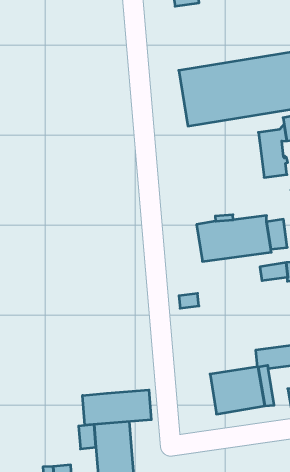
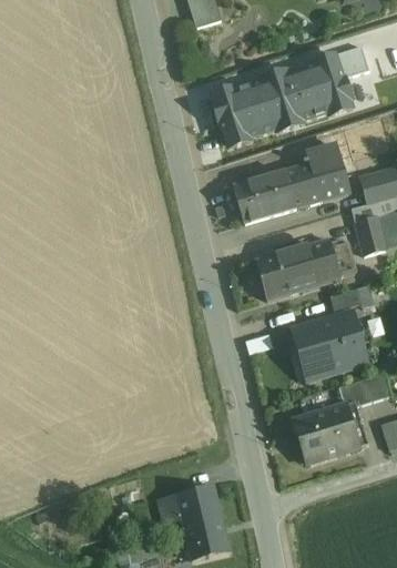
building: none -> [233,159,322,222]
building: none -> [293,312,367,378]
building: [83,390,151,425] -> none

